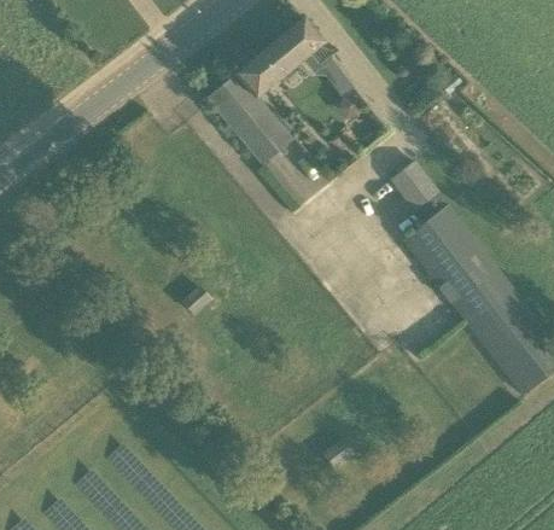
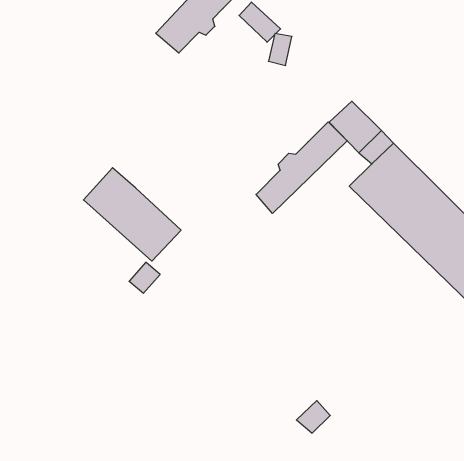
building: [206,70,295,163] -> [83,168,181,261]
building: none -> [256,122,347,213]

